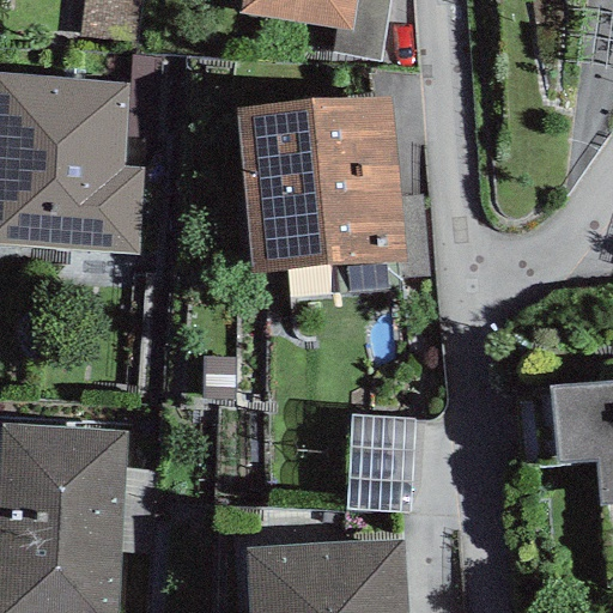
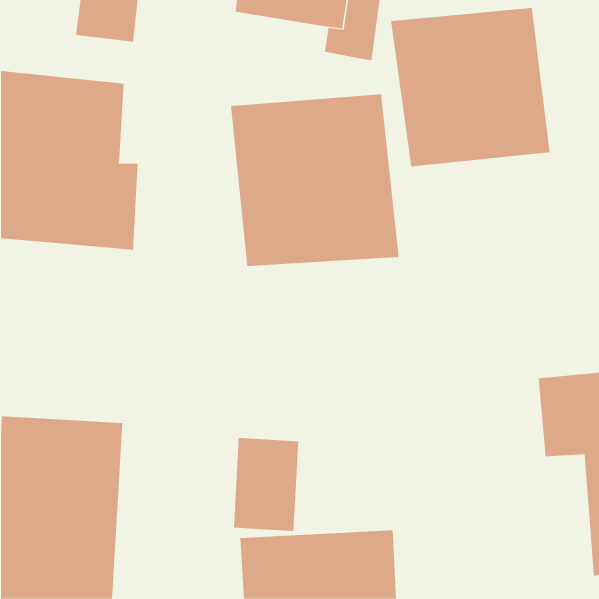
building: none -> [390,7,550,167]
building: [348,417,415,512] -> [233,438,299,531]

